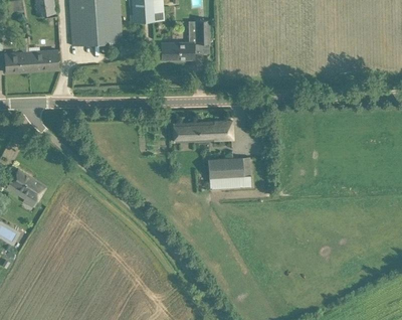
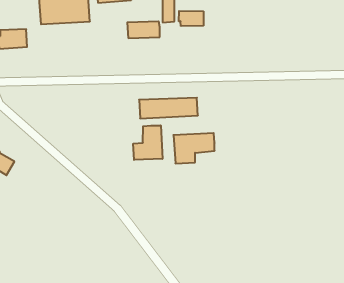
building: none -> [179,11,203,26]
building: none -> [133,125,162,160]

